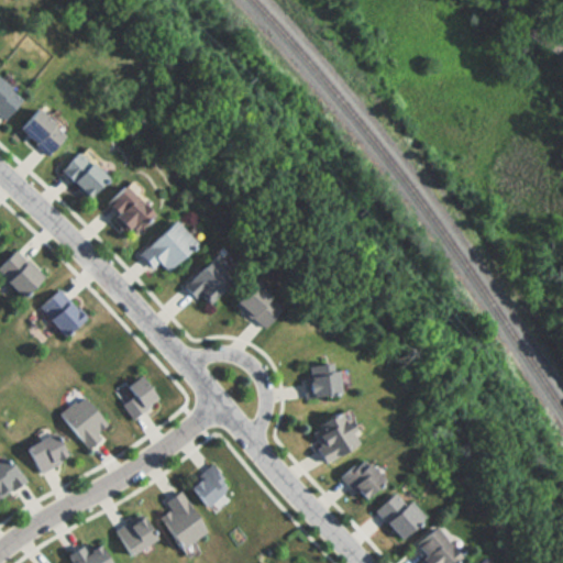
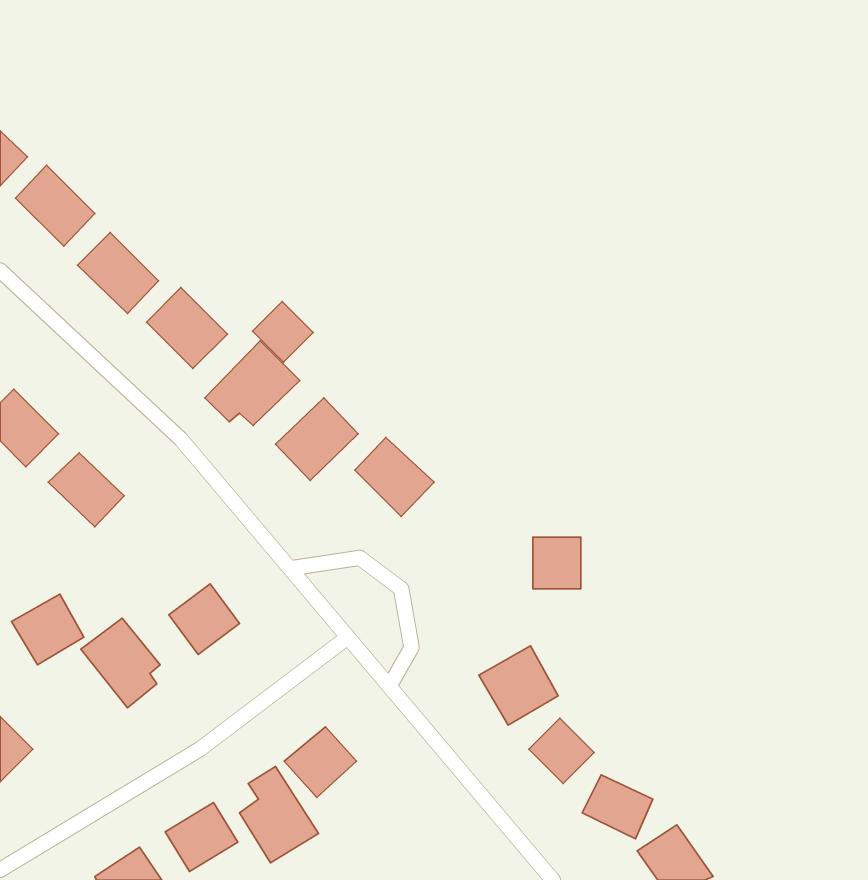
building: none -> [253,302,313,362]
building: [308,364,339,397] -> [533,537,581,589]
building: [25,430,71,475] -> [12,594,84,665]

